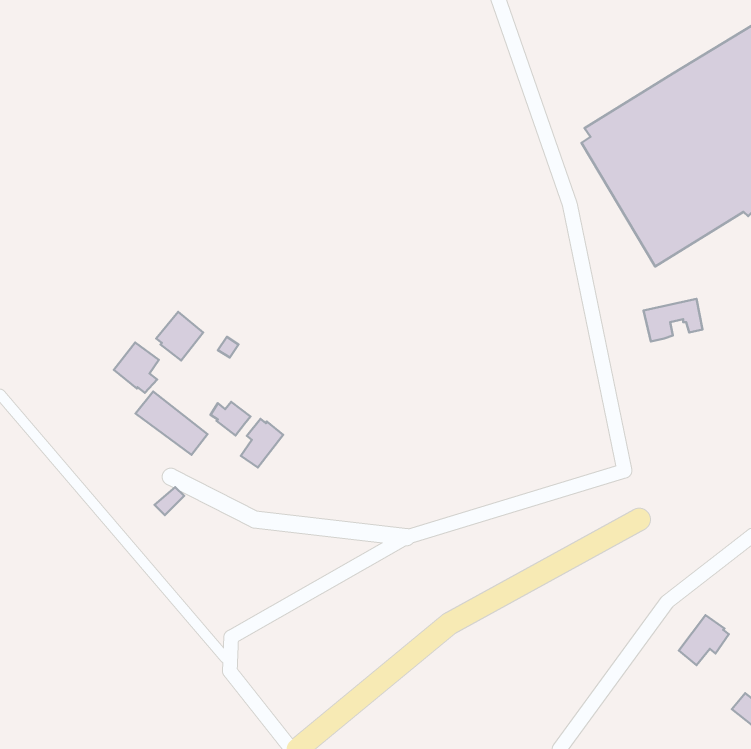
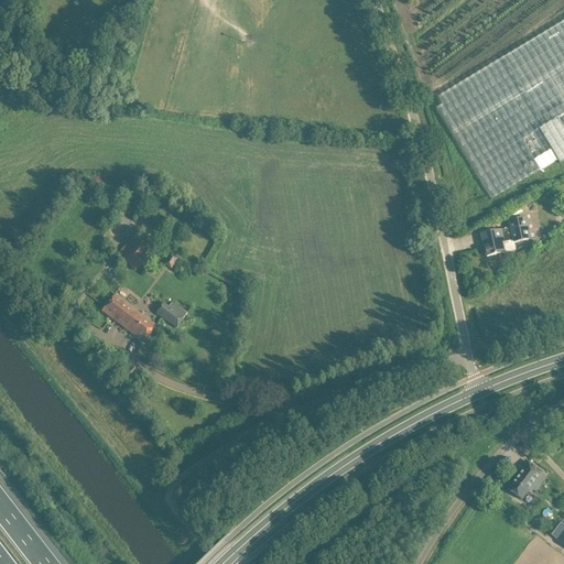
building: [114,343,159,393] -> none
building: [241,419,283,468] -> none

